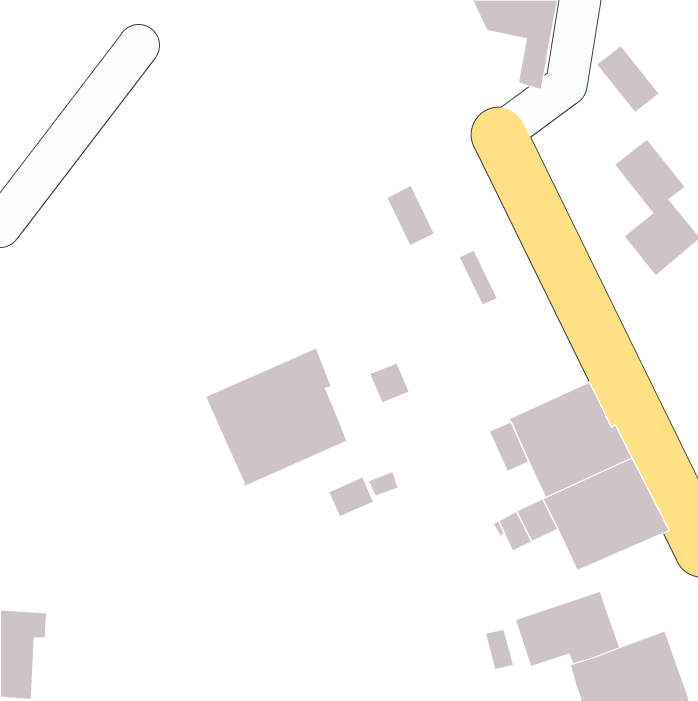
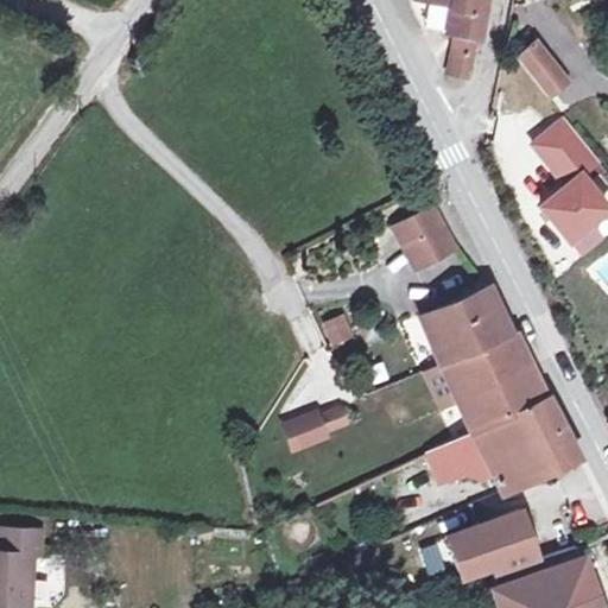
building: [386,185,434,246] -> [413,207,455,259]
building: none -> [423,287,513,363]
building: [206,348,347,487] -> none

